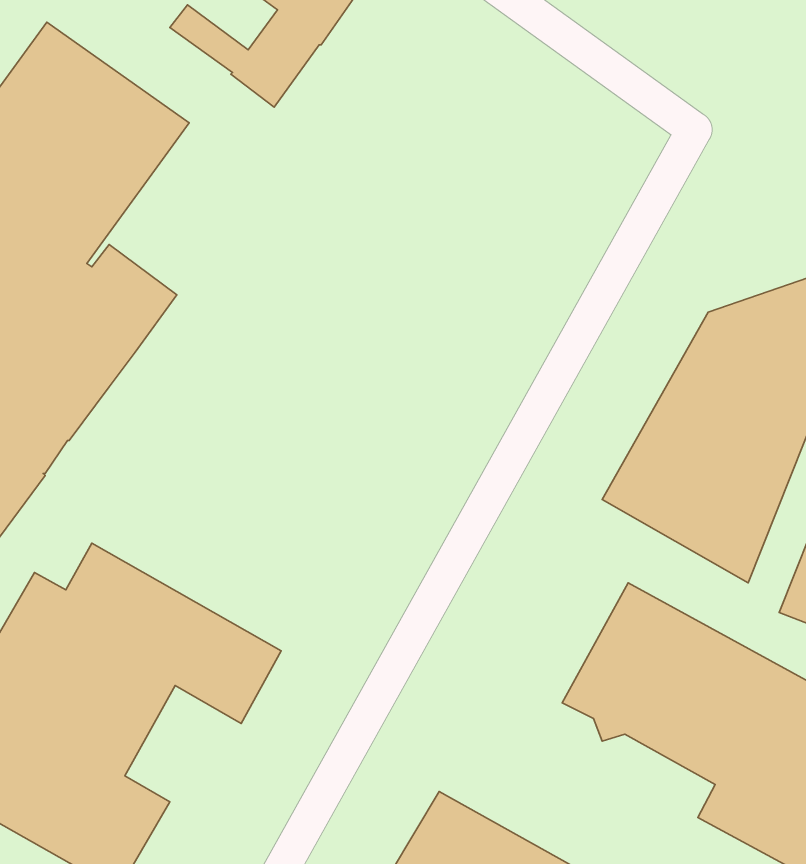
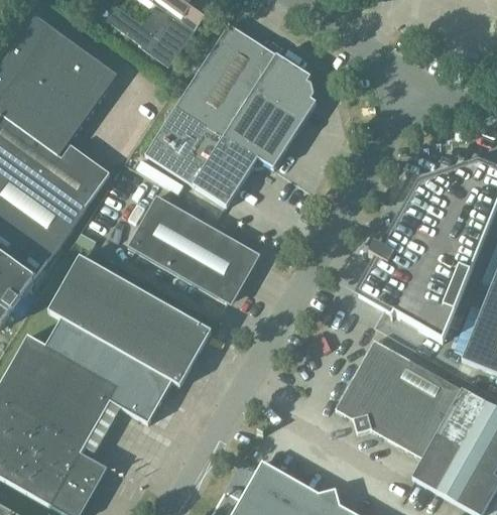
building: none -> [145,22,317,206]
building: none -> [128,195,256,301]
building: none -> [48,255,211,385]

